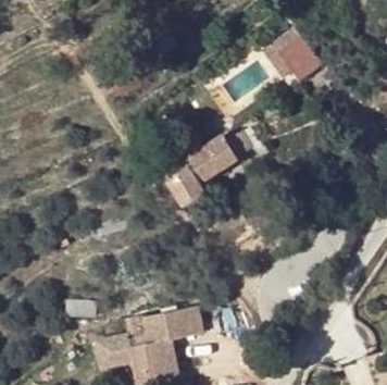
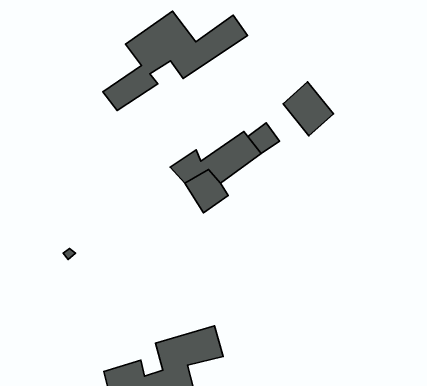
building: none -> [103,11,247,111]
building: [269,30,313,78] -> [283,82,333,136]

